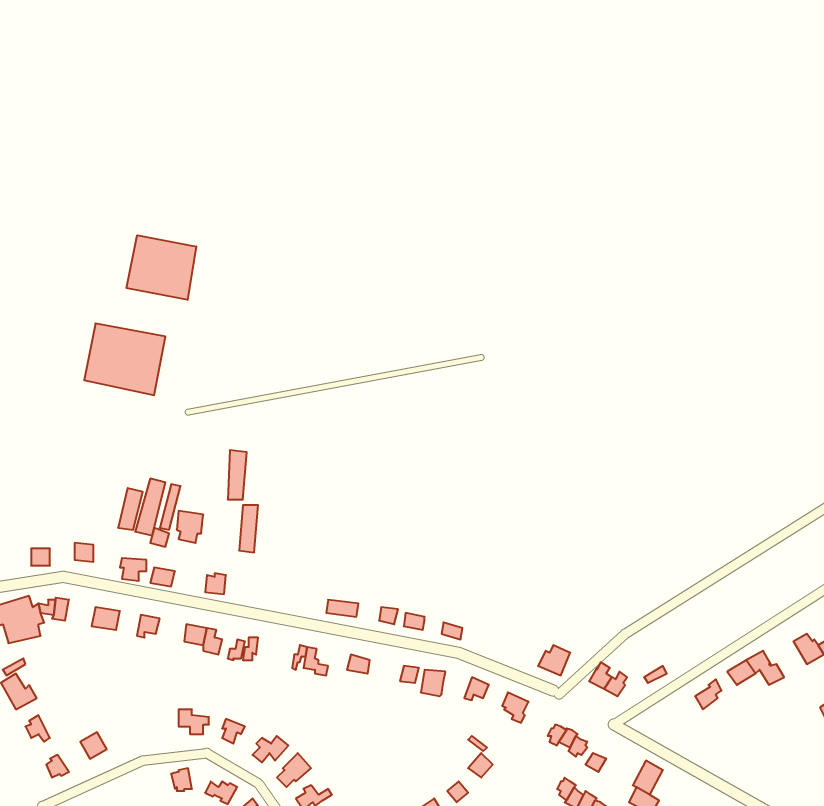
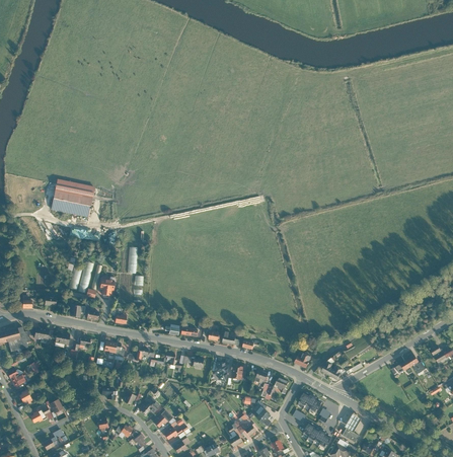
building: [127,235,196,300] -> none

